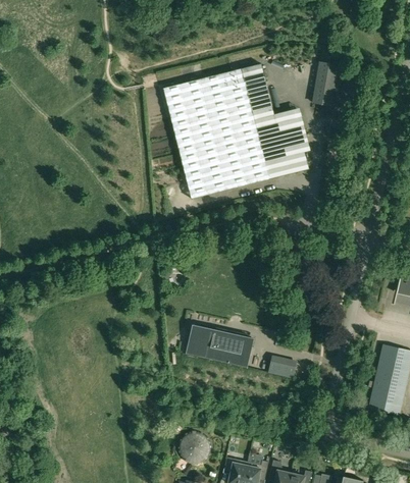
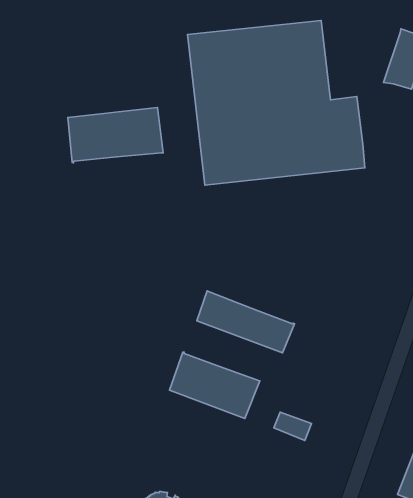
building: none -> [68,108,163,163]
building: none -> [197,291,294,353]

